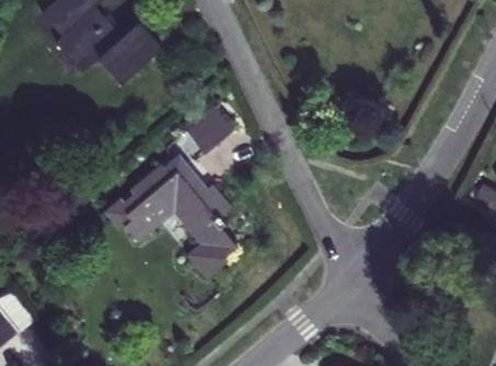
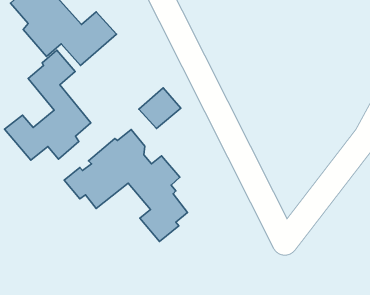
building: none -> [5,50,91,160]

